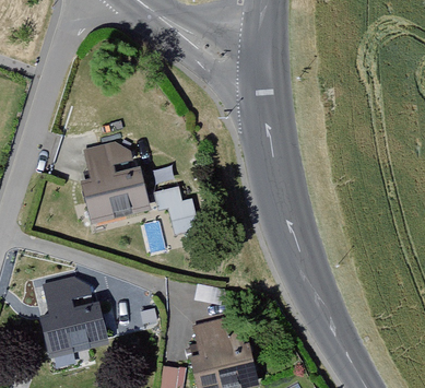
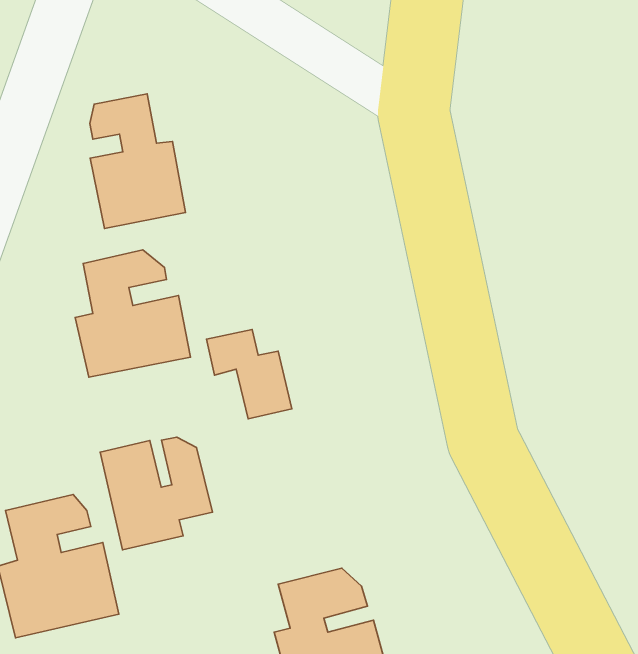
building: none -> [90,94,185,228]
building: none -> [100,437,212,550]

